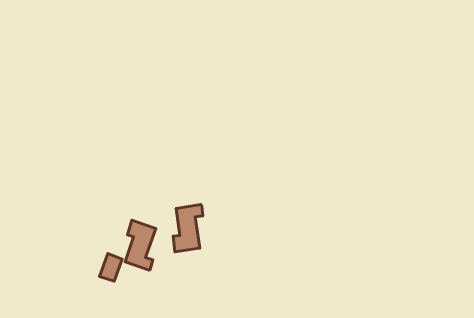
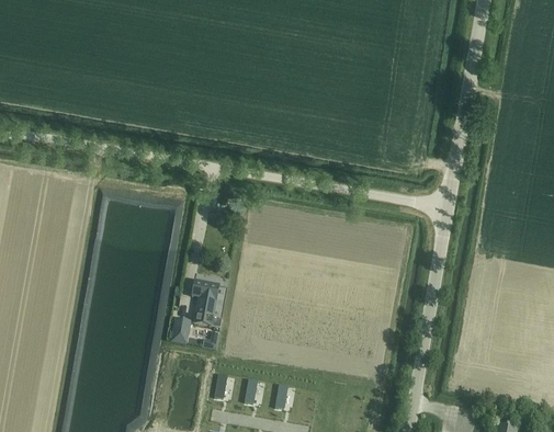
building: [173,205,203,252] -> none

